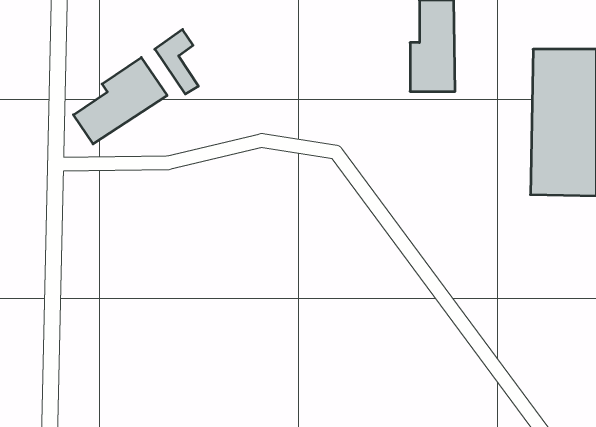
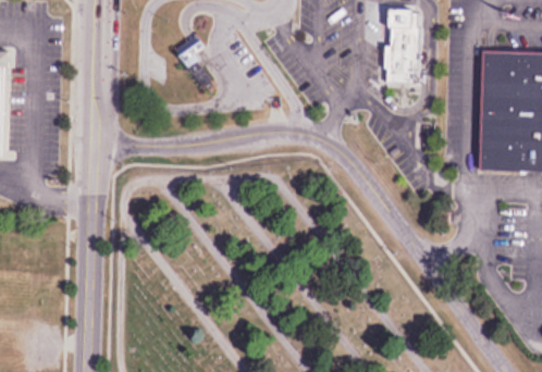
building: [73,57,167,144] -> none

